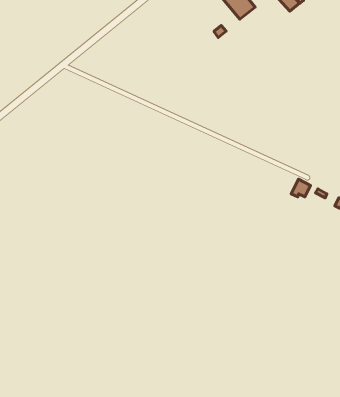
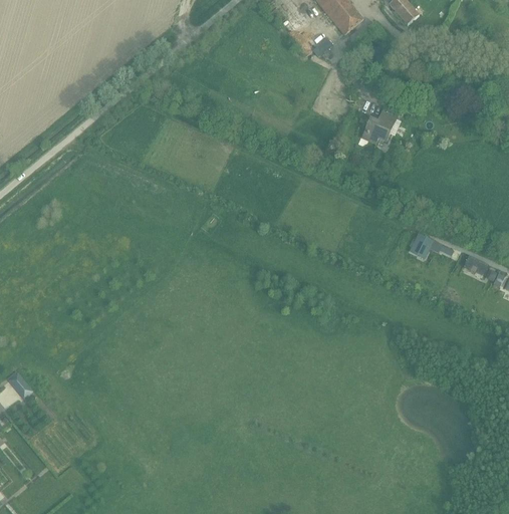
building: none -> [362,109,397,142]

